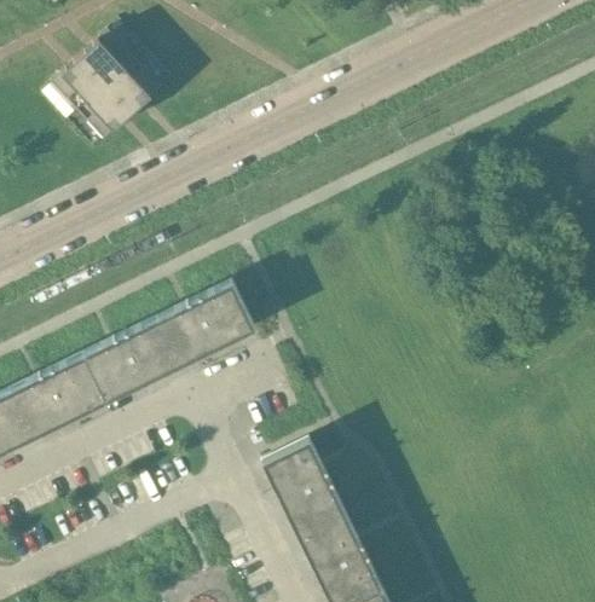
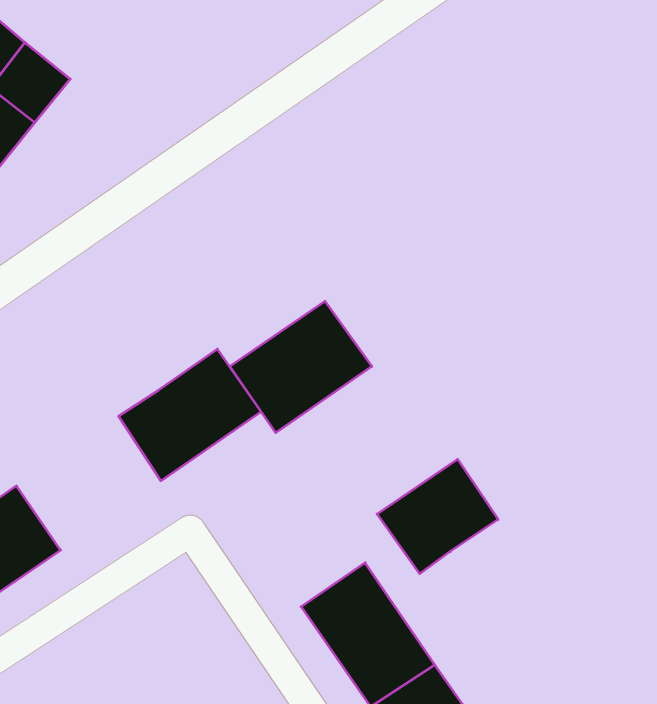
building: none -> [230,301,372,433]
building: [85,318,181,401] -> none
building: none -> [377,459,498,574]

